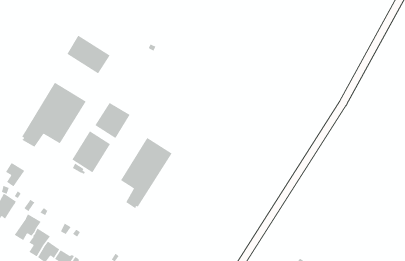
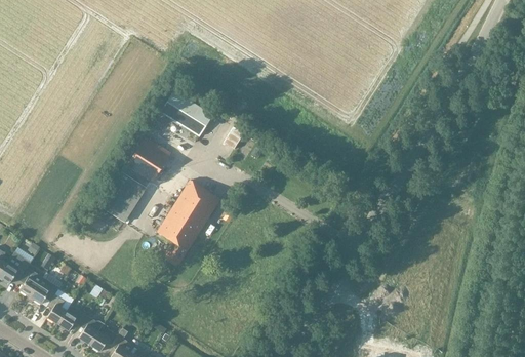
building: [67,35,110,74] -> [161,90,213,137]
building: [21,82,87,148] -> none
building: [5,162,25,187] -> [19,268,43,298]

